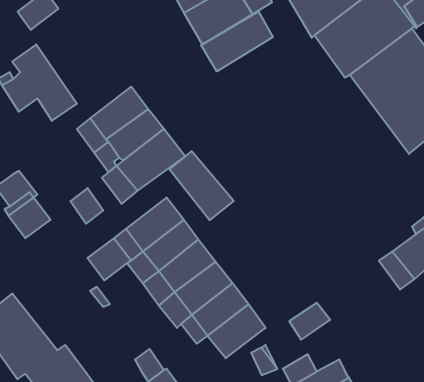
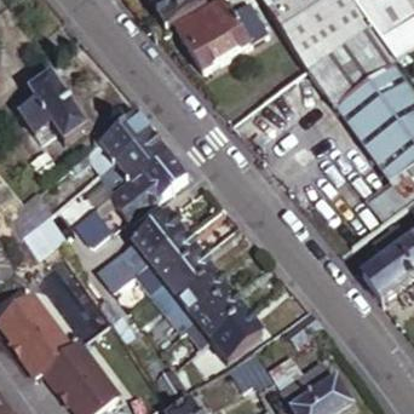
building: [201,11,273,71] -> none
building: [169,151,234,220] -> none

